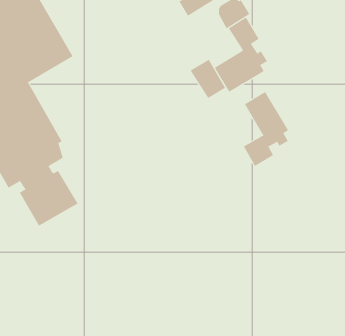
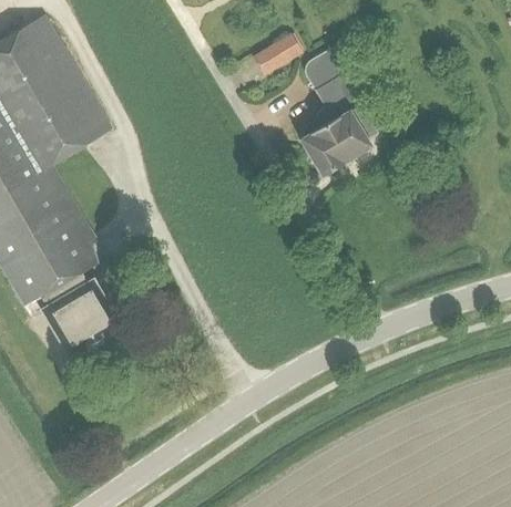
building: [190,59,226,99] -> none
building: [243,91,289,167] -> none

